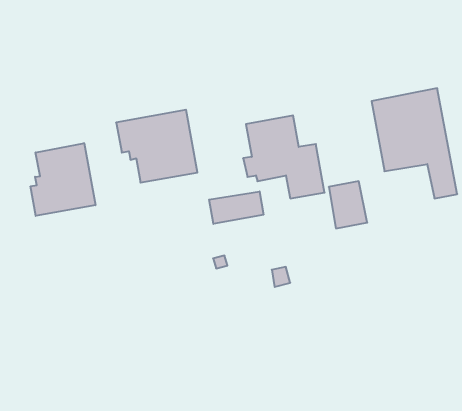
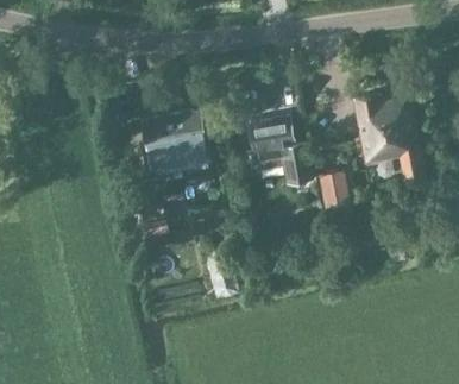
building: [31,143,95,216] -> none
building: [209,191,263,224] -> none

